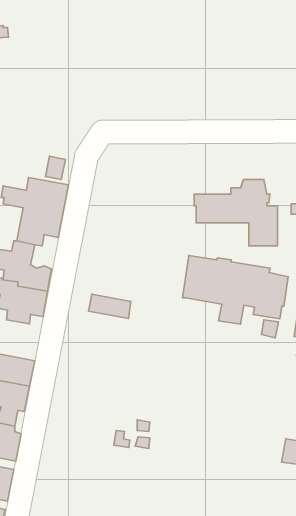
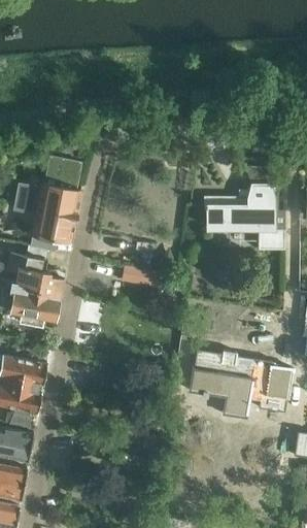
building: [183,256,288,324] -> [187,350,291,417]
building: [89,294,131,318] -> [122,265,163,289]

